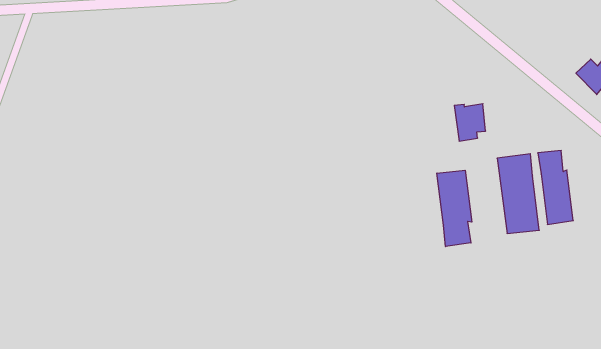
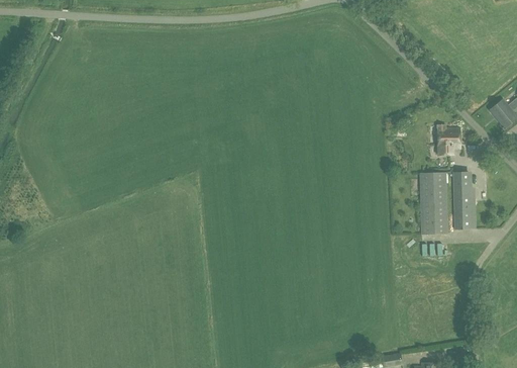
building: [454,104,486,141] -> [436,125,459,155]
building: [437,170,472,247] -> none

